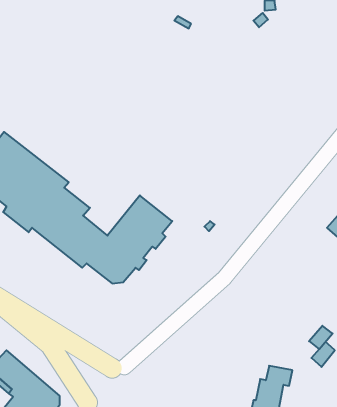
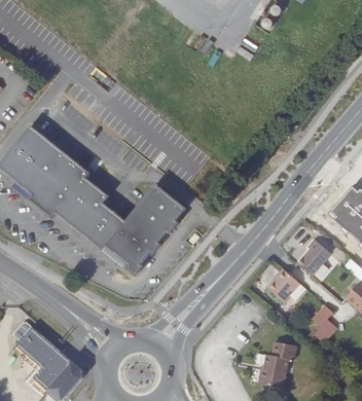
building: none -> [297,240,331,277]
building: none -> [266,268,299,301]

